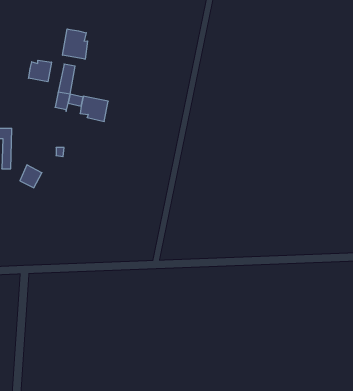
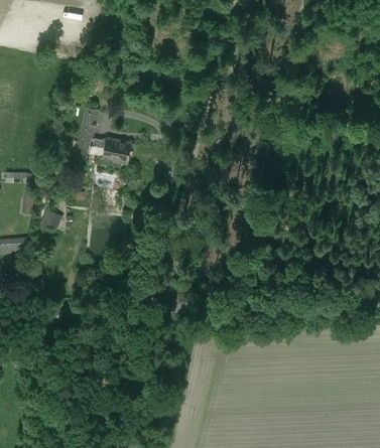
building: [63,29,88,59] -> none
building: [28,60,51,82] -> none

